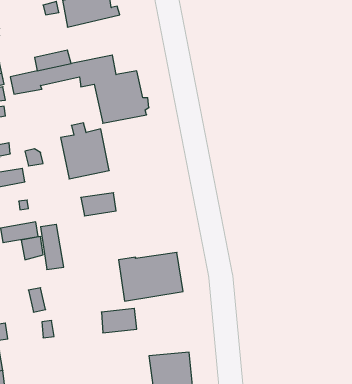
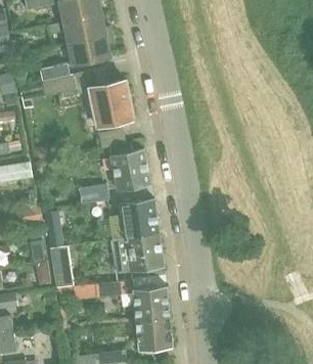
building: none -> [66,34,113,65]
building: [61,123,109,179] -> [109,143,150,190]
building: none -> [119,199,159,238]
building: none -> [49,245,73,288]
building: none -> [132,286,169,320]

